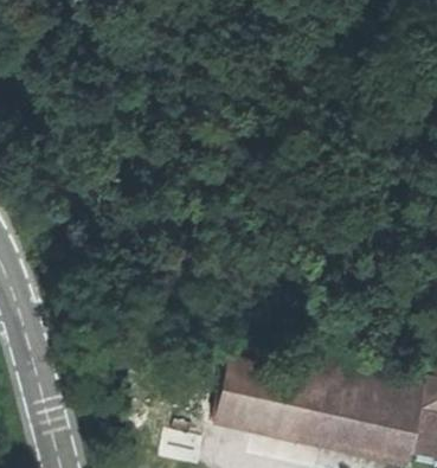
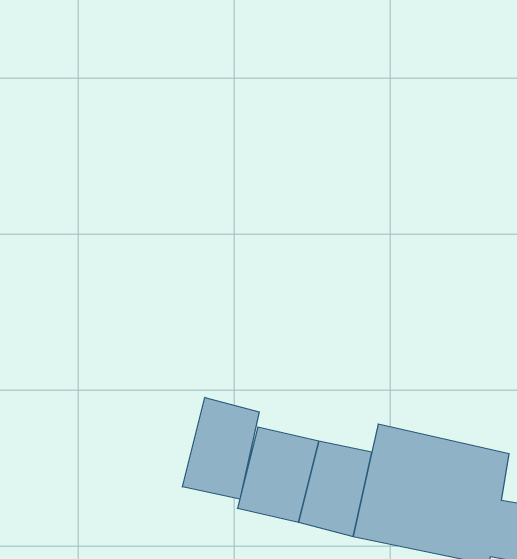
building: none -> [182,397,259,499]

